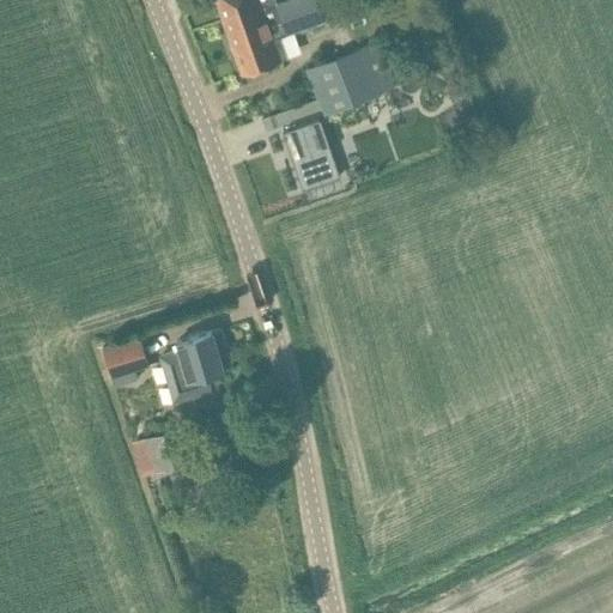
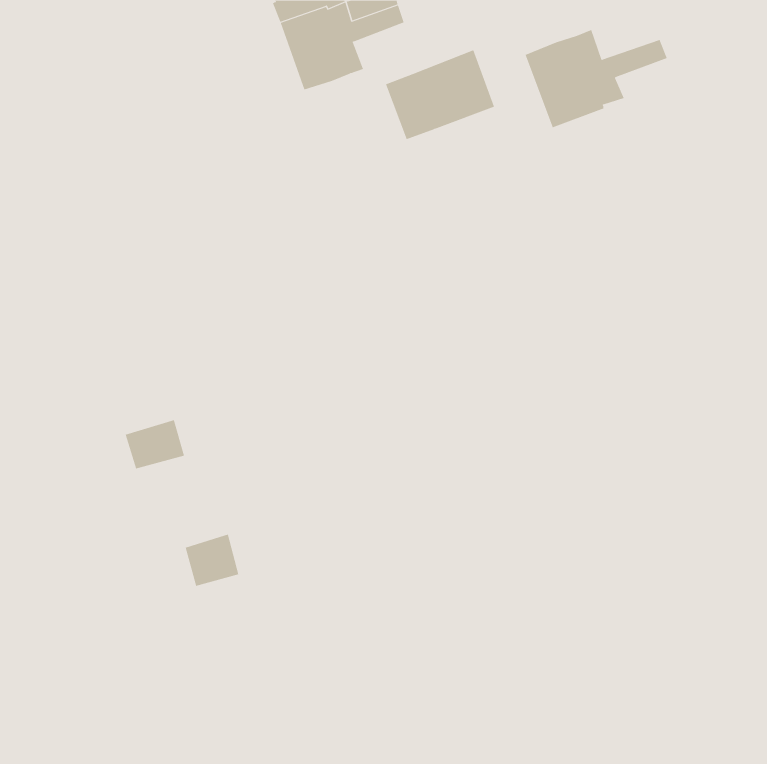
building: none -> [525,29,667,128]
building: [283,120,339,189] -> none
building: [162,332,225,401] -> none

